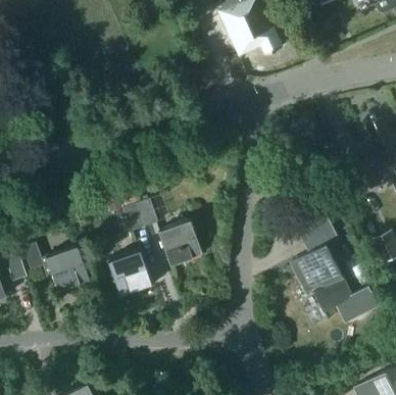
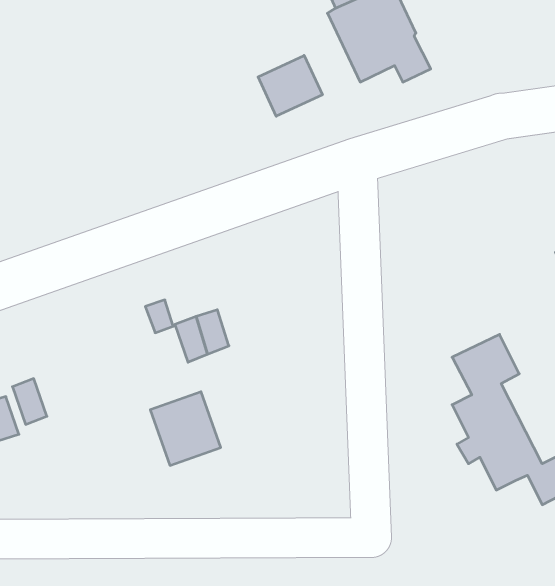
building: none -> [258,55,322,116]
building: [158,219,202,265] -> none
building: [46,245,89,291] -> none

